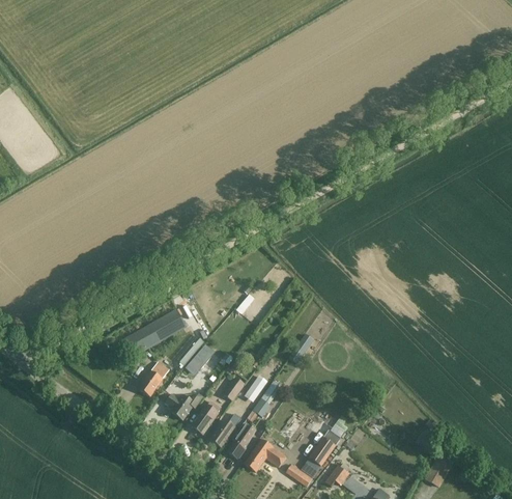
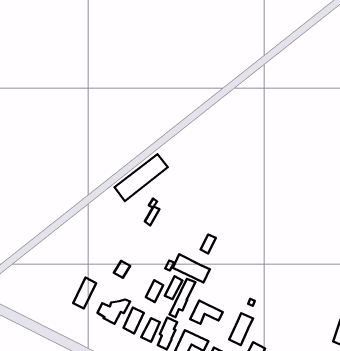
building: [122,309,187,357] -> [115,154,168,201]
building: none -> [173,254,210,283]
building: none -> [190,301,223,324]

